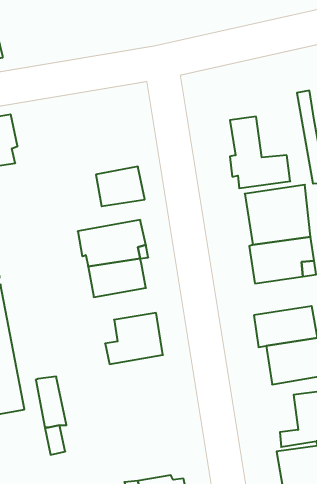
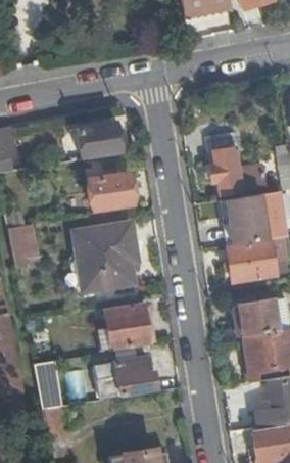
building: none -> [77,123,117,155]
building: none -> [7,224,41,269]
building: none -> [96,356,155,397]

